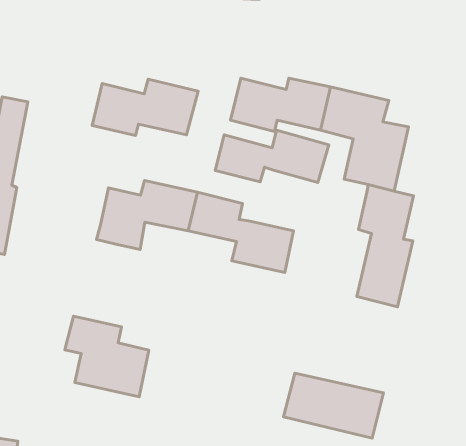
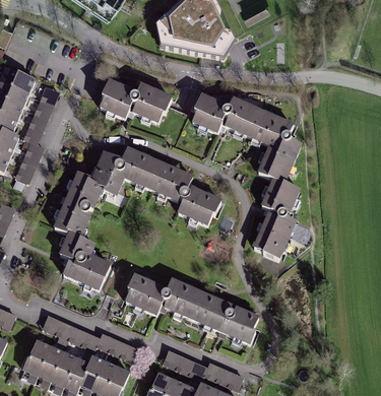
building: [215,130,329,183] -> none
building: none -> [52,169,101,239]
building: none -> [122,274,204,321]

